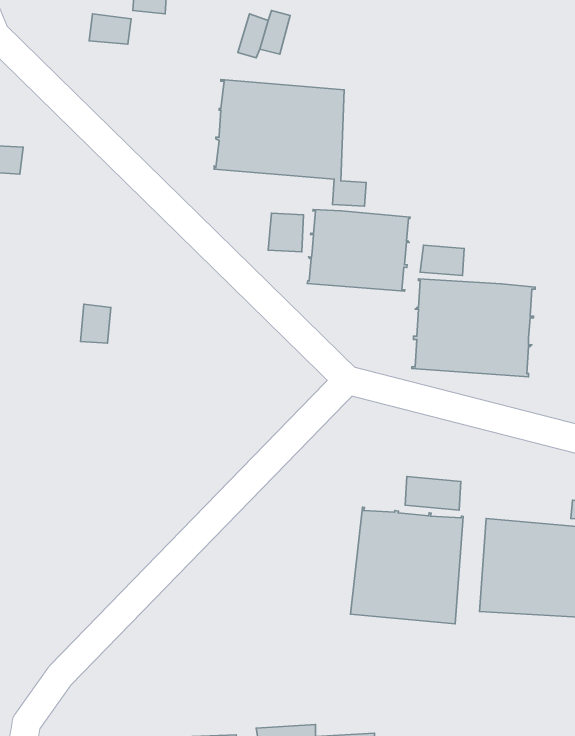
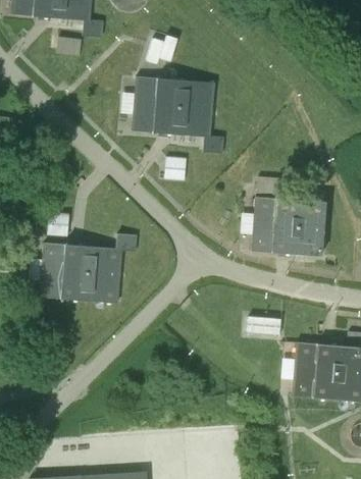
building: [307,209,410,291] -> none
building: none -> [40,232,137,303]
building: [351,507,463,624] -> none

